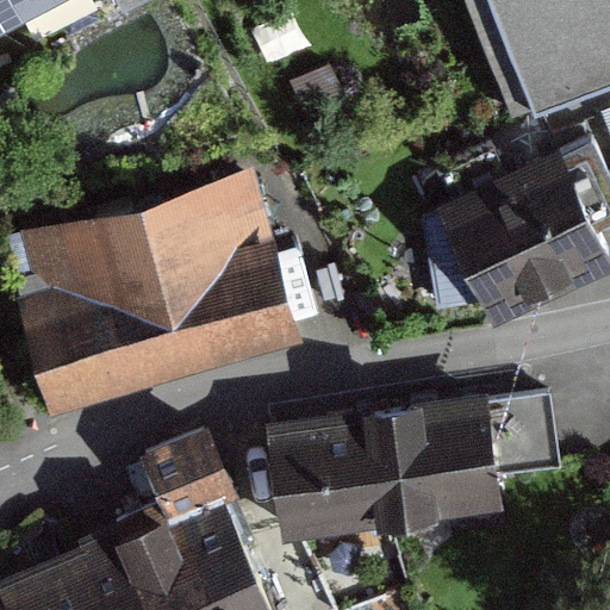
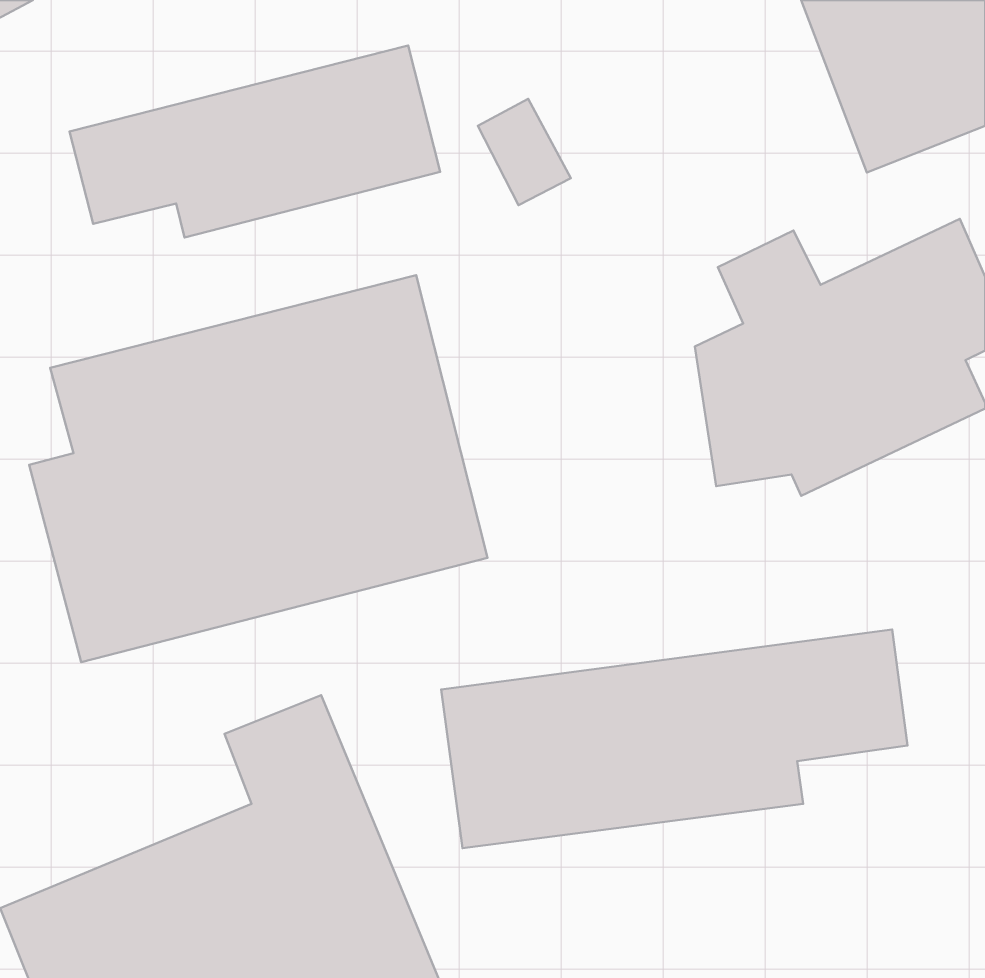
building: none -> [70,45,440,237]

